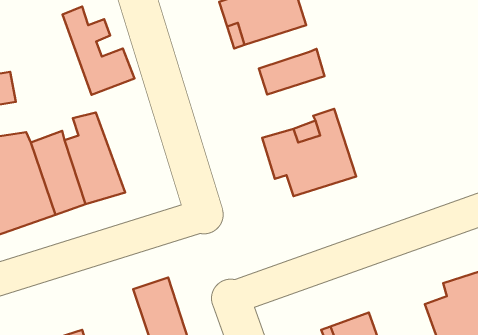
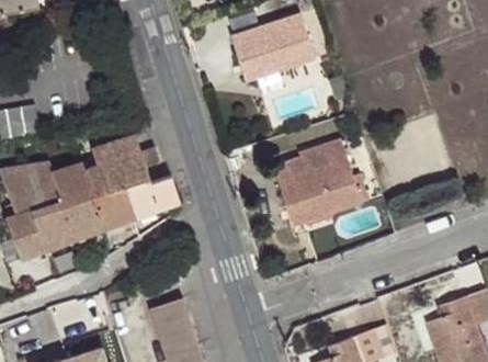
building: [62,6,134,95] -> [114,135,182,218]
building: [259,49,324,95] -> none

